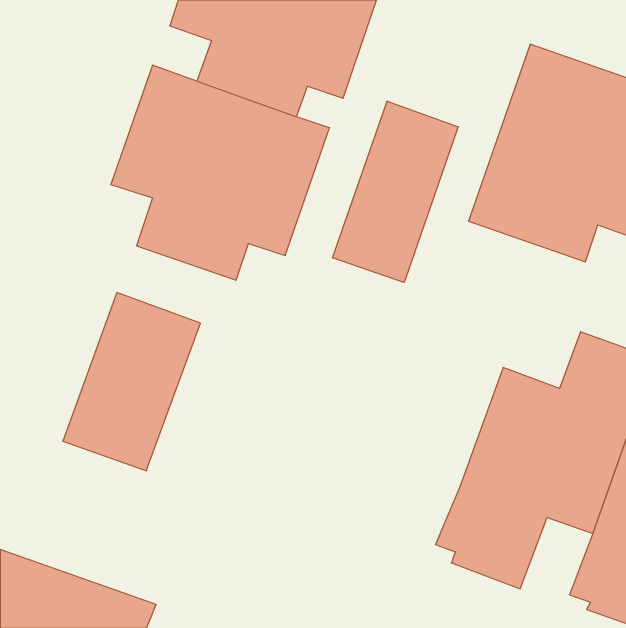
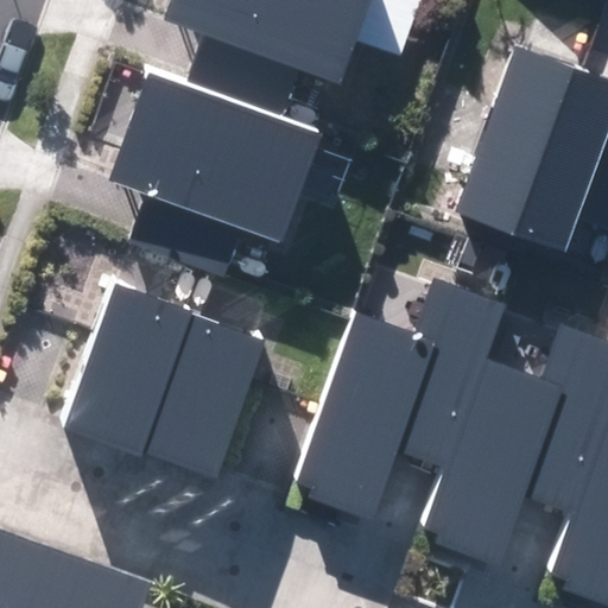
building: [332,101,458,283] -> none
building: none -> [293,278,508,521]
building: none -> [145,316,267,477]

